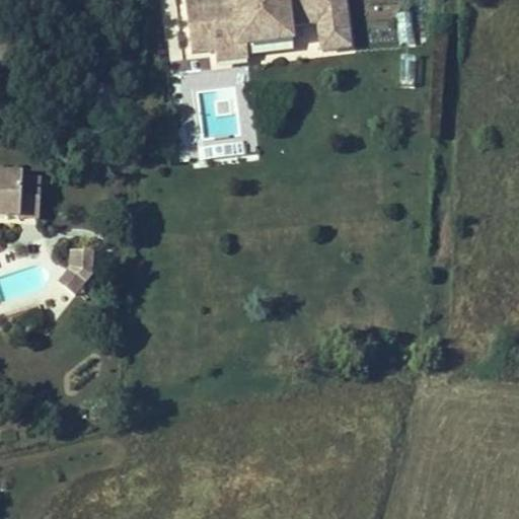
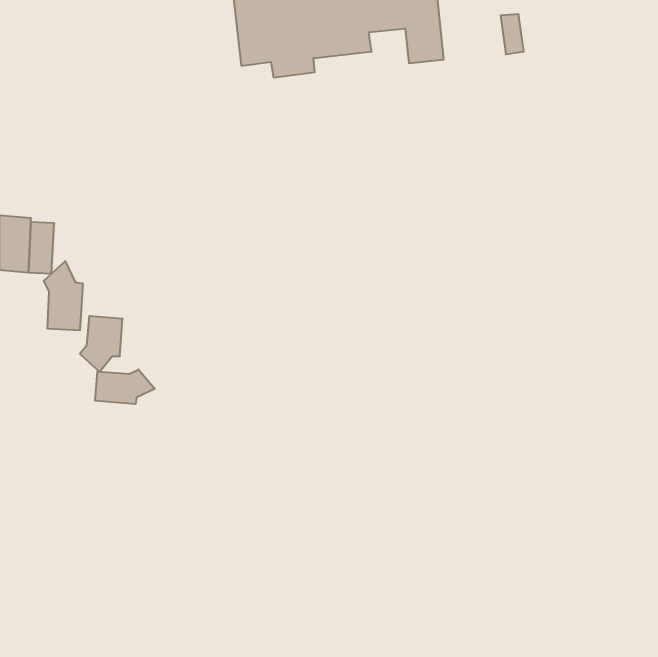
building: none -> [44,261,83,330]
building: none -> [95,369,155,404]

